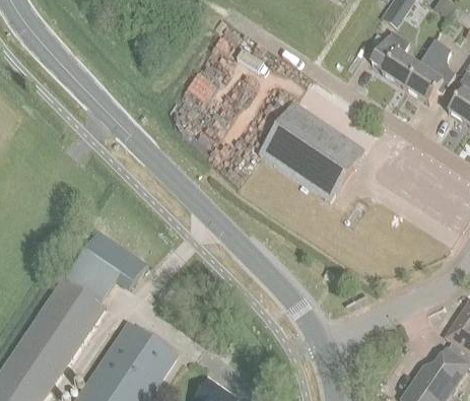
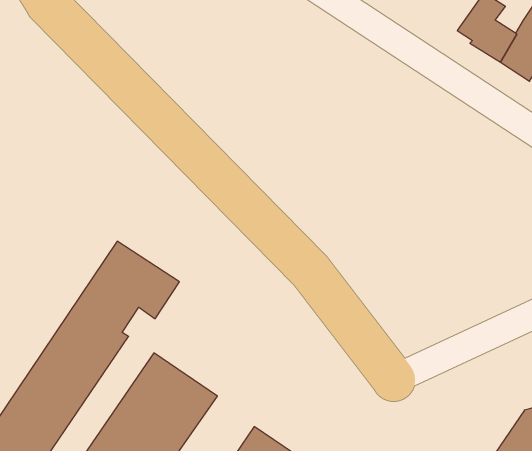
building: [257,101,364,202] -> none

